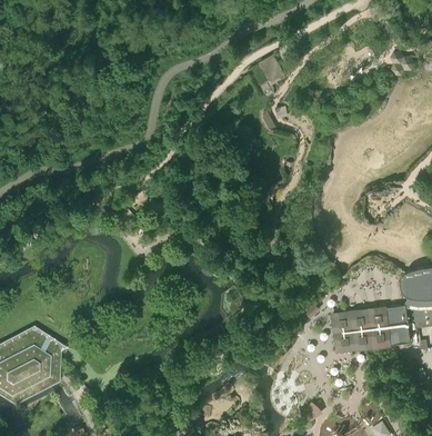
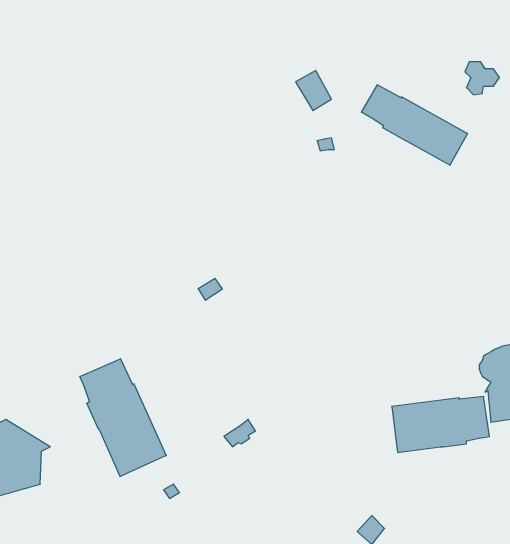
building: none -> [361,85,468,165]
building: none -> [80,359,166,477]

